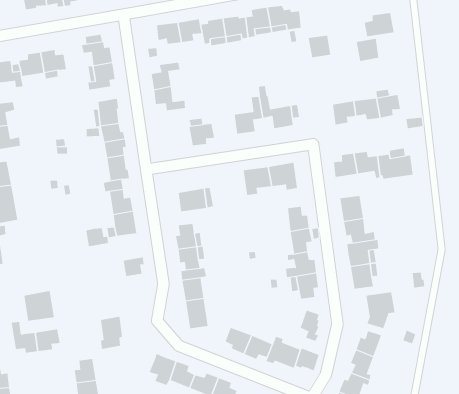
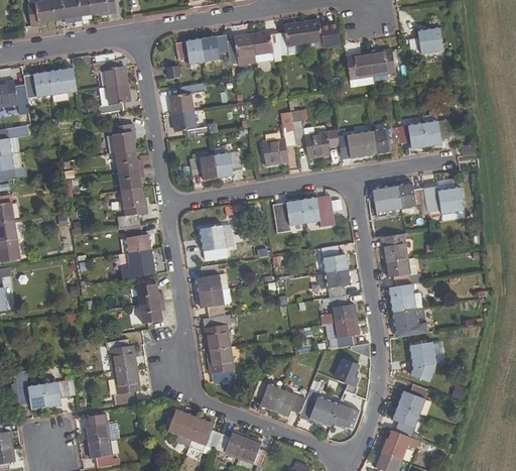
building: [356,38,379,62] -> [368,49,394,76]
building: none -> [347,131,376,158]
building: none -> [188,155,217,180]
building: [85,228,109,247] -> [136,284,162,306]
building: [24,290,54,321] -> none
building: none -> [105,340,136,372]

